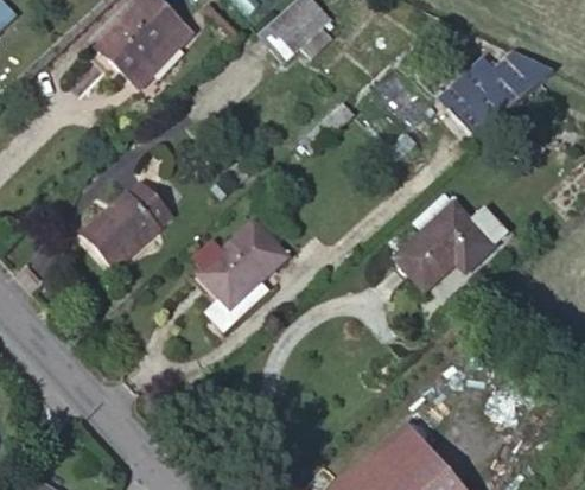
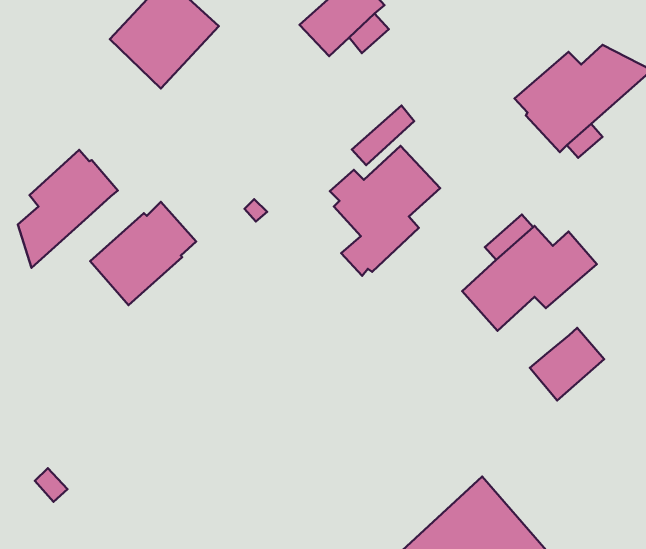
building: none -> [18,150,118,268]
building: [193,221,286,330] -> [330,146,440,276]
building: none -> [530,328,604,401]

